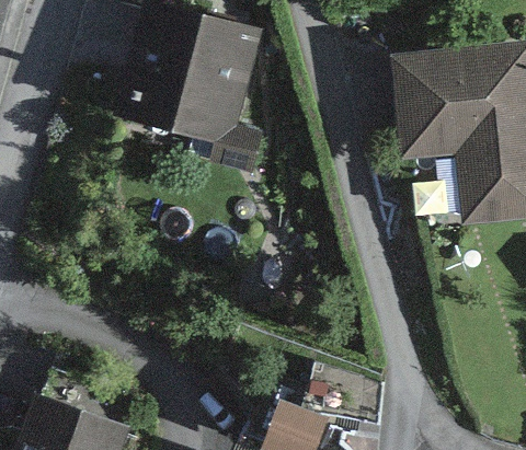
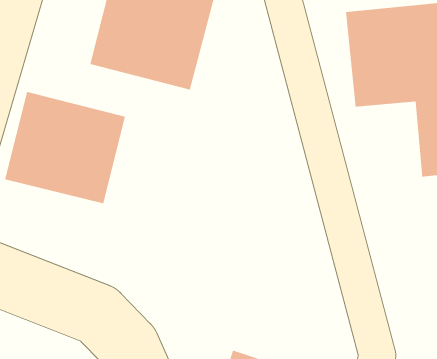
building: none -> [4,91,125,204]

